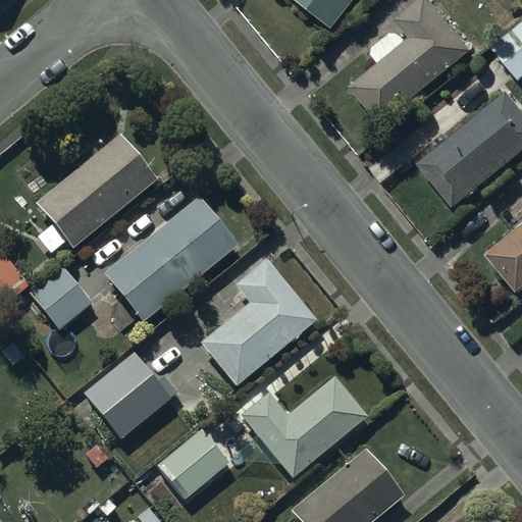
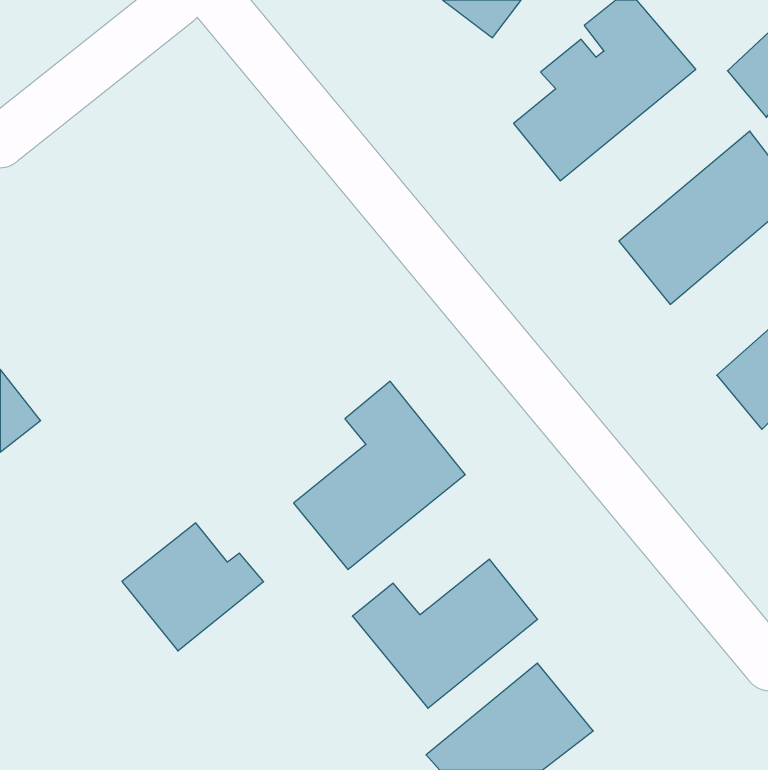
building: [35,134,157,250] -> none
building: [102,196,237,321] -> none
building: [29,266,93,331] -> none
building: [156,427,229,500] -> none

